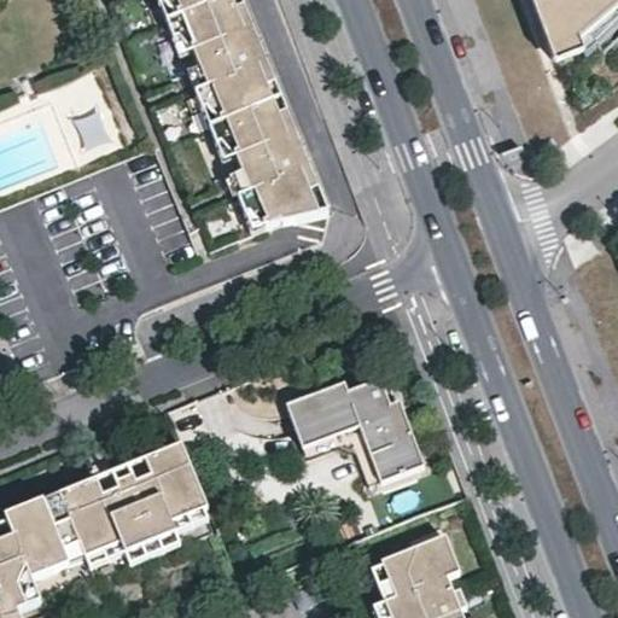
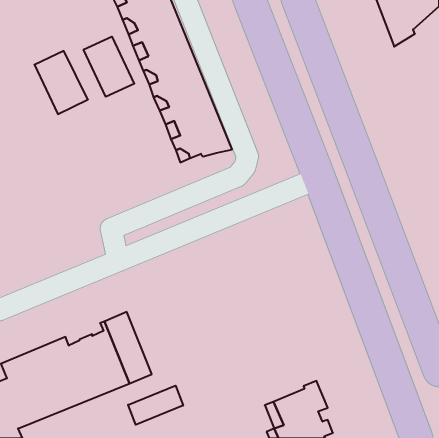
building: none -> [84,37,134,97]
building: [285,379,424,482] -> none
building: none -> [128,386,183,425]

